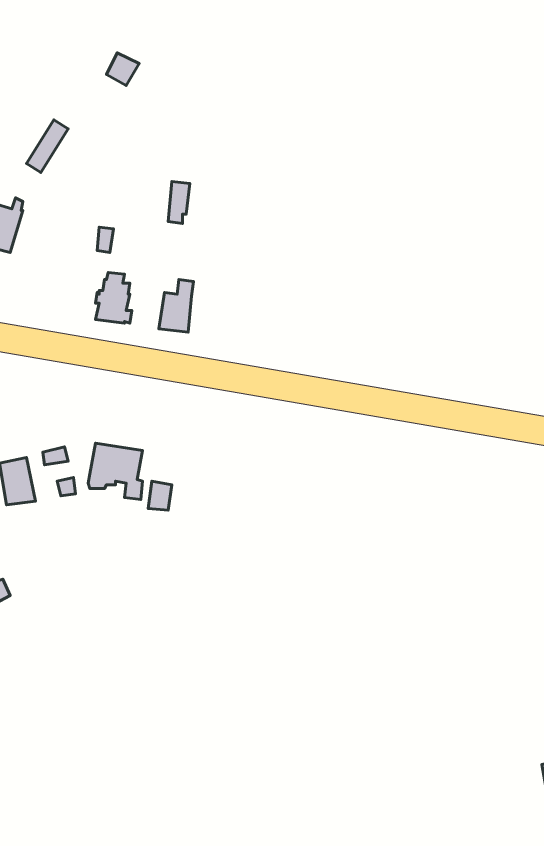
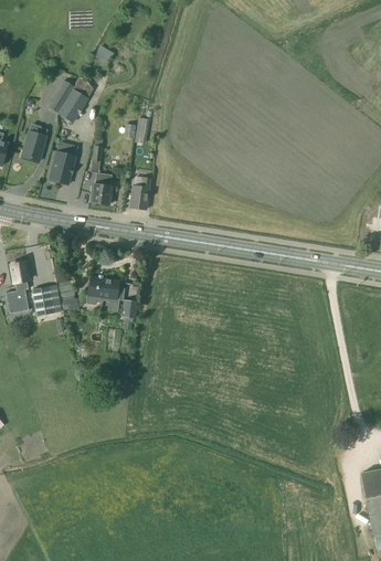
building: none -> [60,88,91,121]
building: none -> [49,150,75,183]

